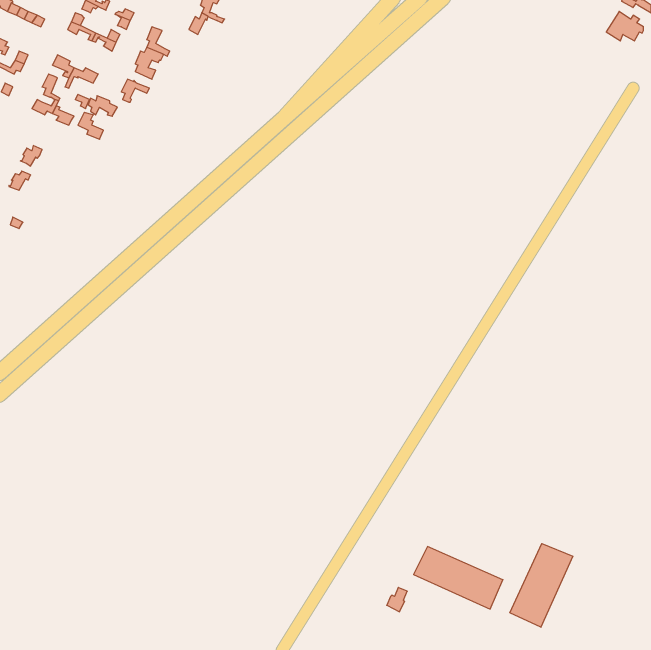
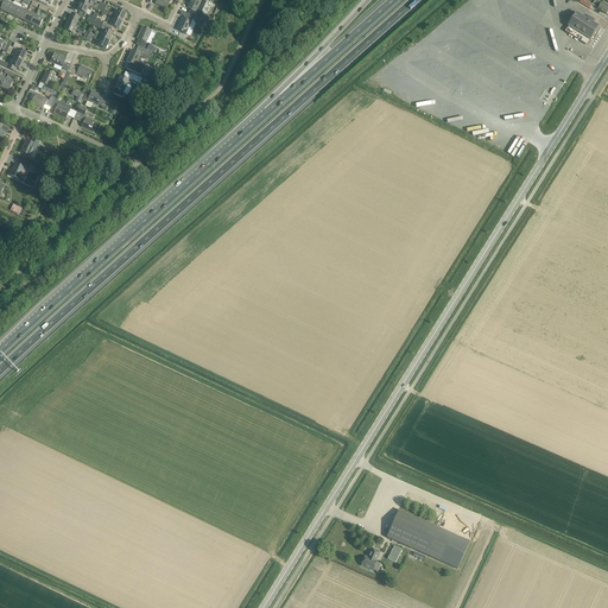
building: [510,544,573,627] -> none

